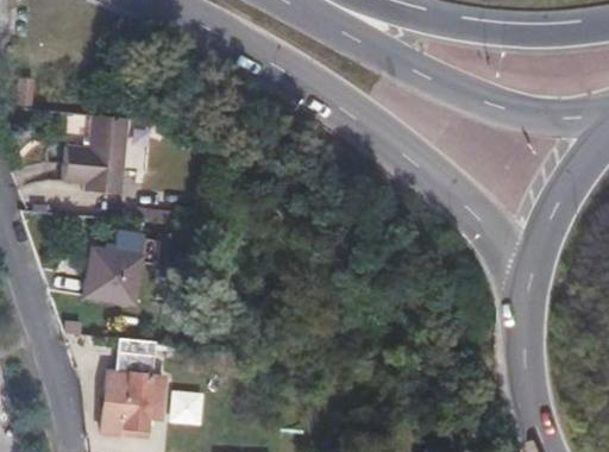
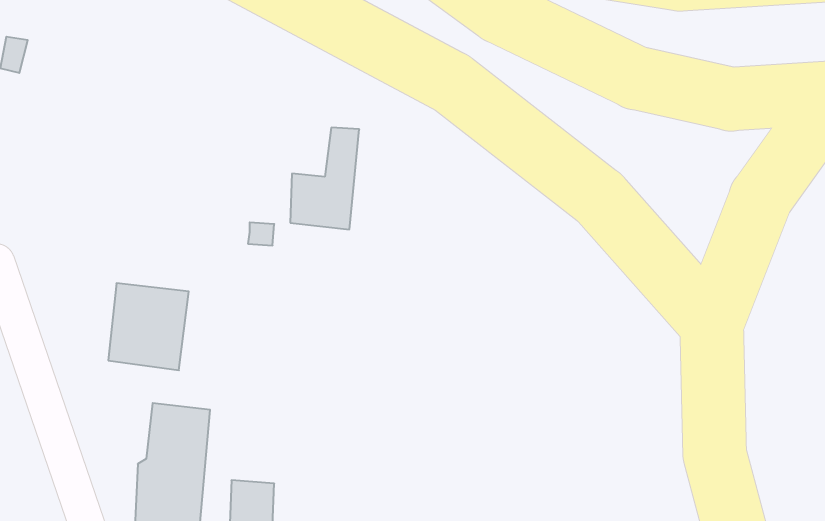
building: [81,113,131,187] -> [290,128,359,229]

